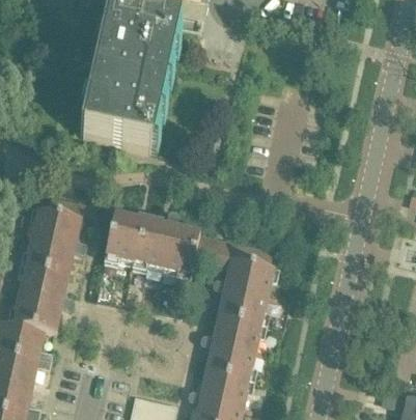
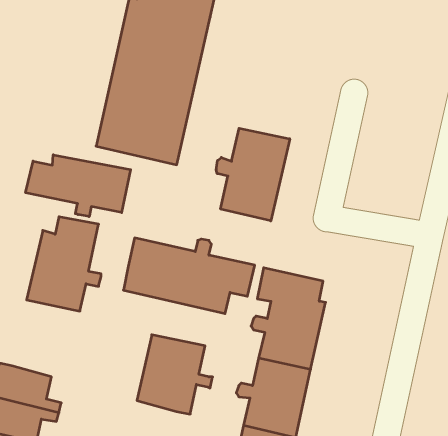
building: none -> [216,128,290,221]
building: none -> [26,155,131,217]
building: [11,267,75,333] -> [137,335,213,414]

